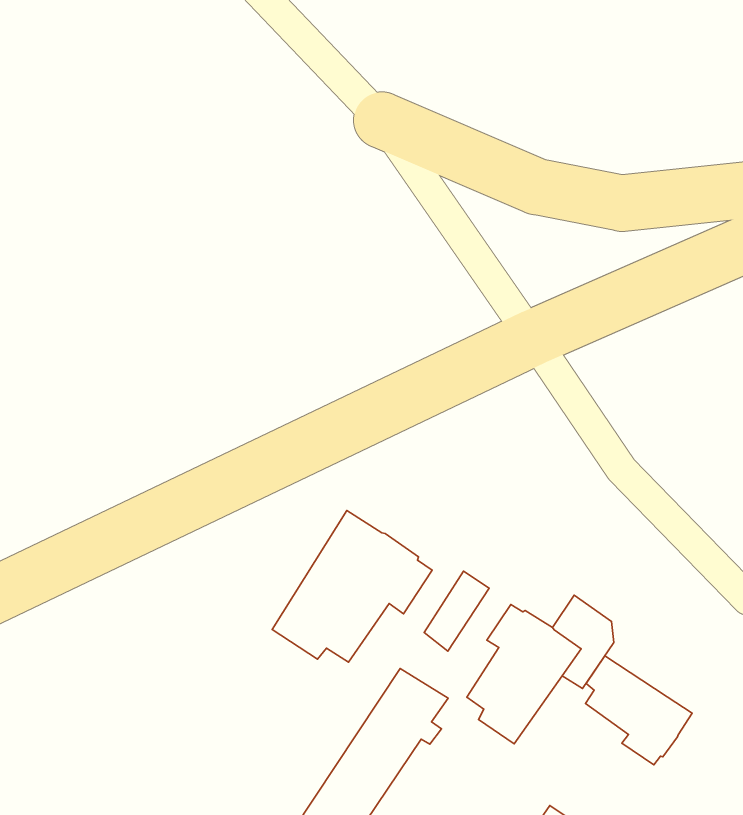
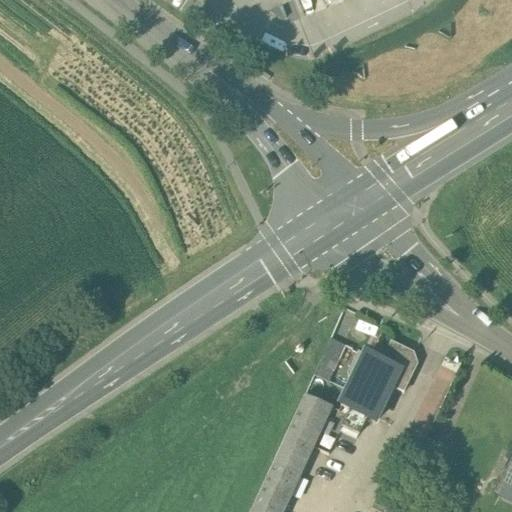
building: [272,511,432,662] -> none
building: [585,656,692,765] -> none

